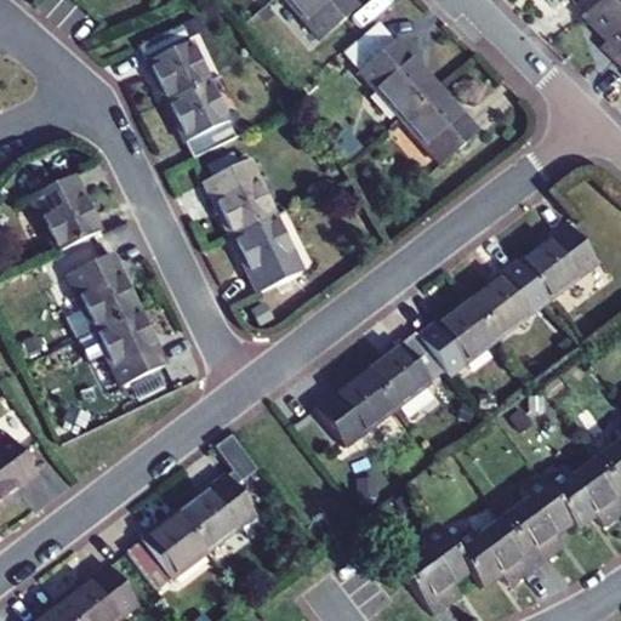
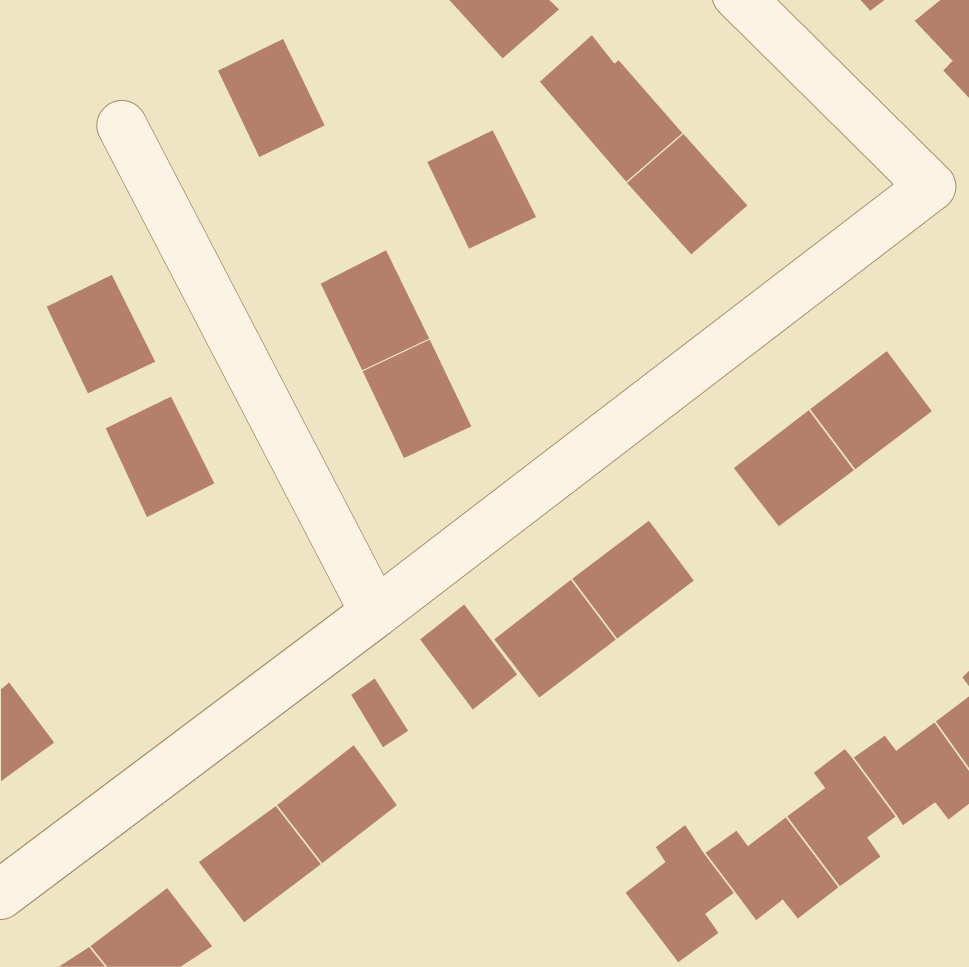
building: [167,80,238,156] -> [427,130,537,249]
building: [420,298,498,375] -> none
building: [96,308,166,386] -> none
building: none -> [419,604,518,710]

